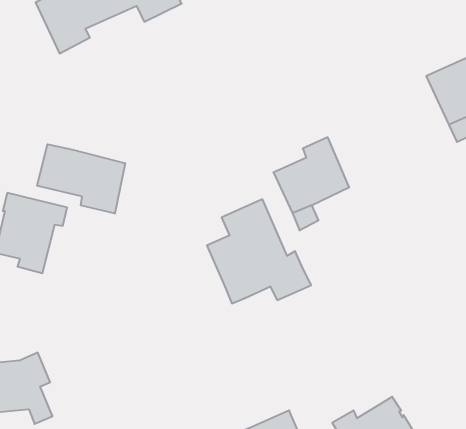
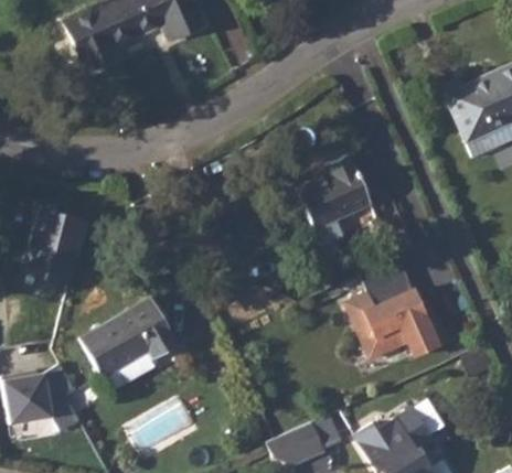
building: [37,144,125,214] -> none
building: [207,199,311,303] -> [346,257,448,358]
building: none -> [81,299,179,377]

